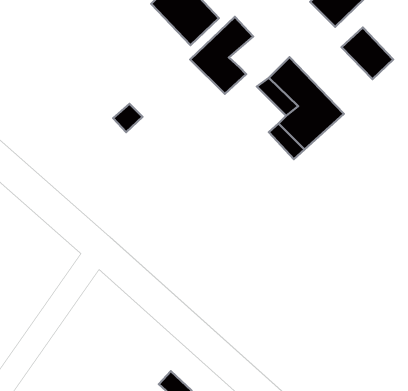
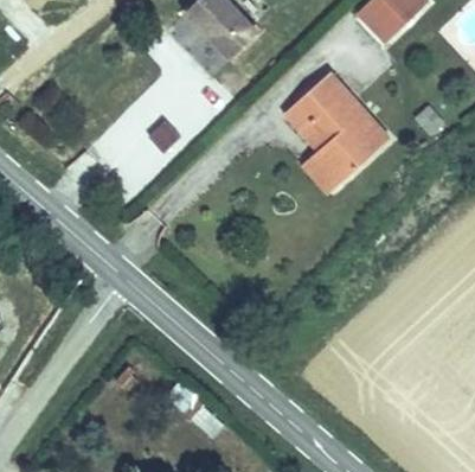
building: [190,17,253,94] -> none
building: [341,28,393,79] -> none

